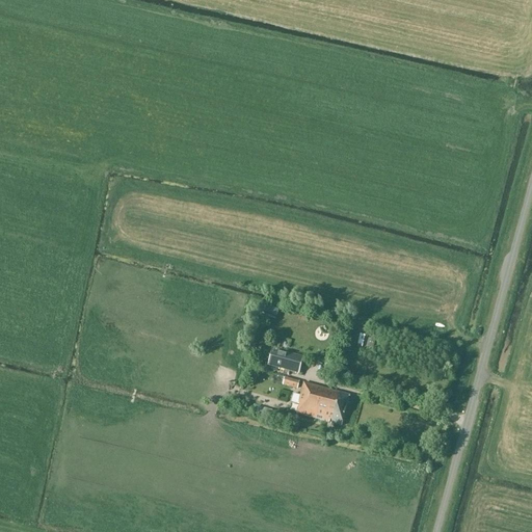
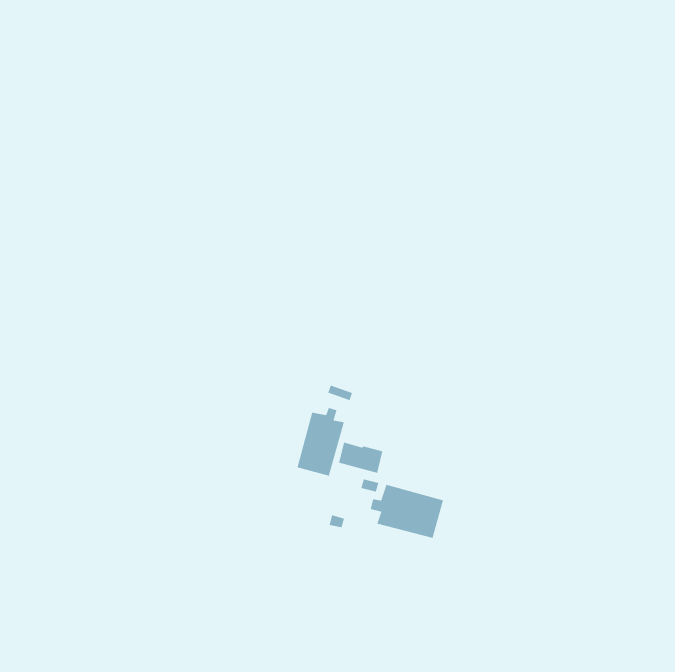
building: none -> [297,407,345,476]

